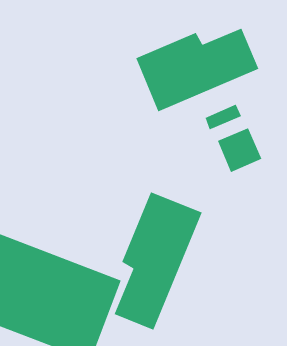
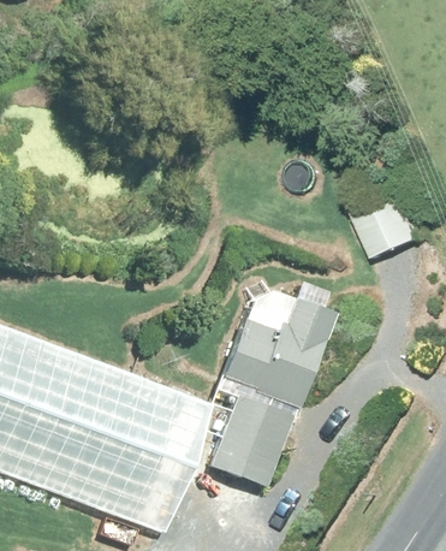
building: [135,27,260,112] -> none

